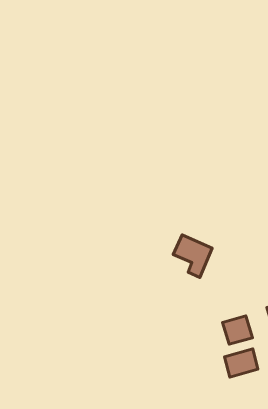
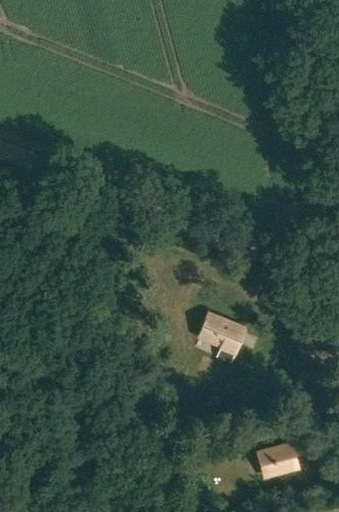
building: [223,316,252,344] -> none

